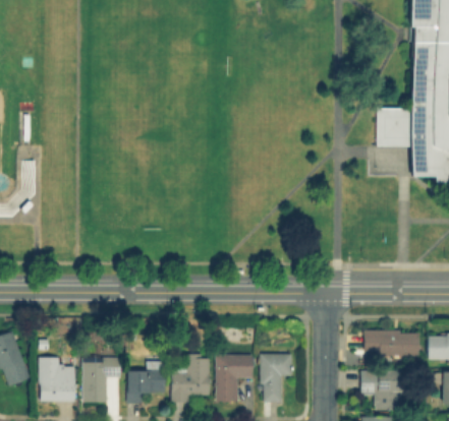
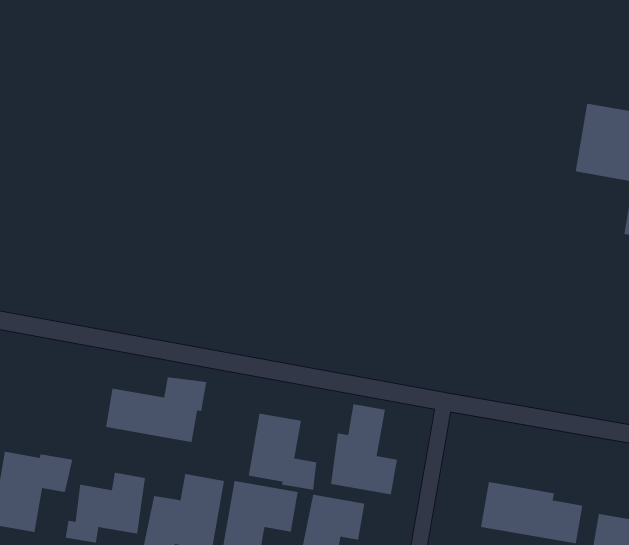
building: none -> [331,404,397,495]
building: none -> [105,376,207,443]
building: none -> [248,413,317,491]

